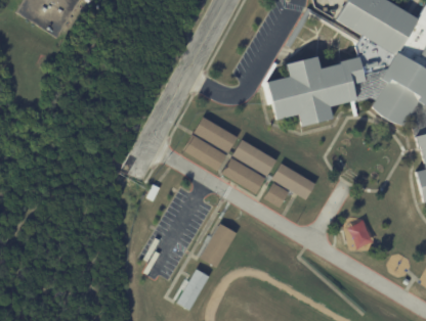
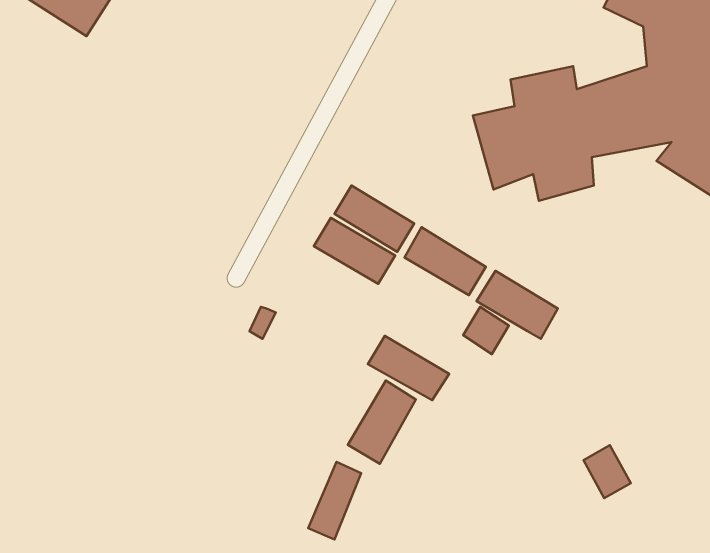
building: [221,159,265,194] -> [368,336,449,400]
building: [347,220,373,248] -> [583,445,631,498]

